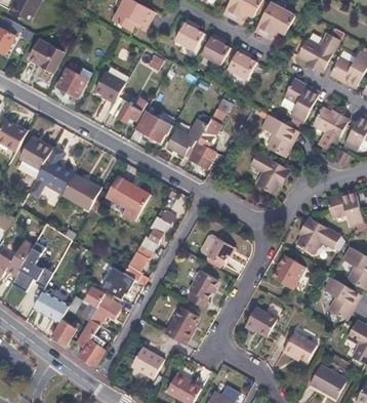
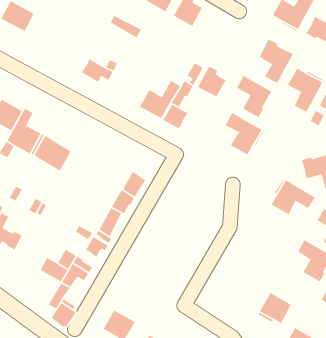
building: [226,48,255,80] -> [197,65,227,98]
building: [56,68,88,98] -> none
building: [95,71,125,104] -> none
building: [135,111,171,144] -> none
building: [105,176,150,215] -> none
building: [201,235,232,264] -> none
building: [273,255,304,289] -> none
building: [187,270,217,309] -> none
building: [34,290,65,318] -> none
building: [164,307,197,345] -> none
building: [244,307,278,335] -> none
building: [51,317,77,347] -> none

